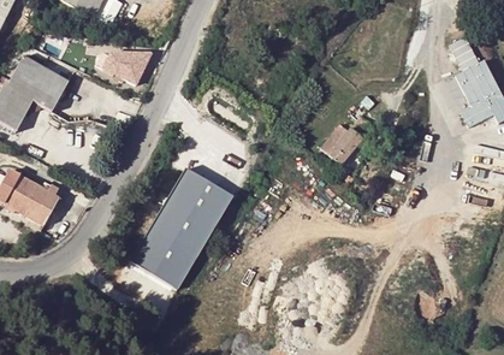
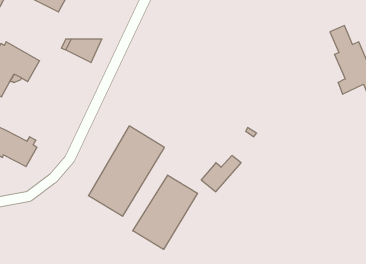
building: [320,117,373,165] -> [201,156,241,192]
building: none -> [133,175,198,249]

